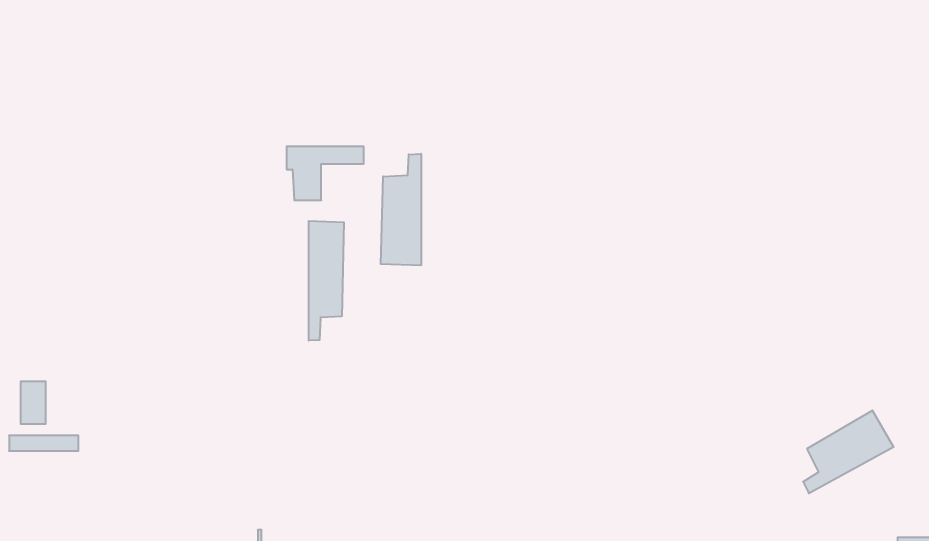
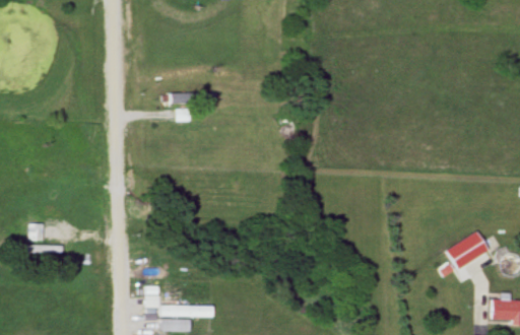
building: [381,154,421,265] -> none
building: [309,221,344,341] -> none

